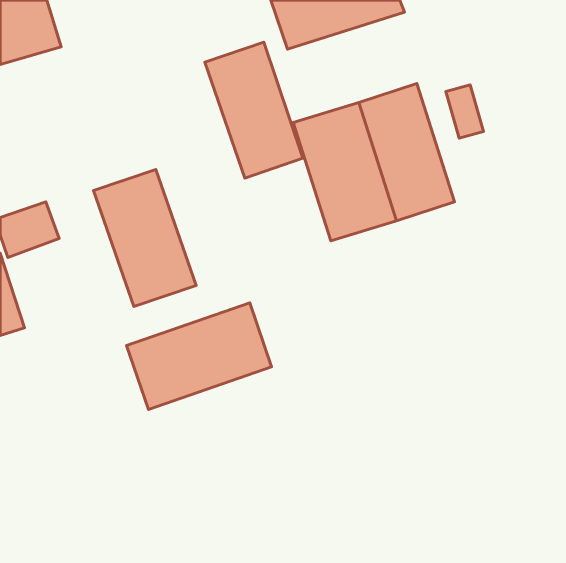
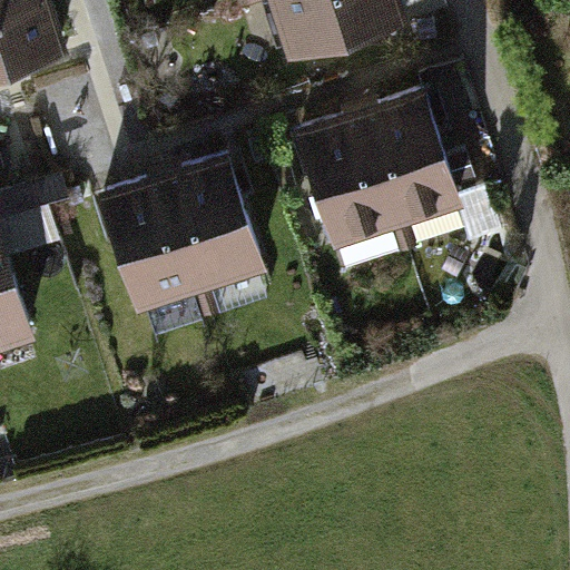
building: [205,42,303,178] -> [159,156,257,292]
building: [127,303,271,409] -> none

